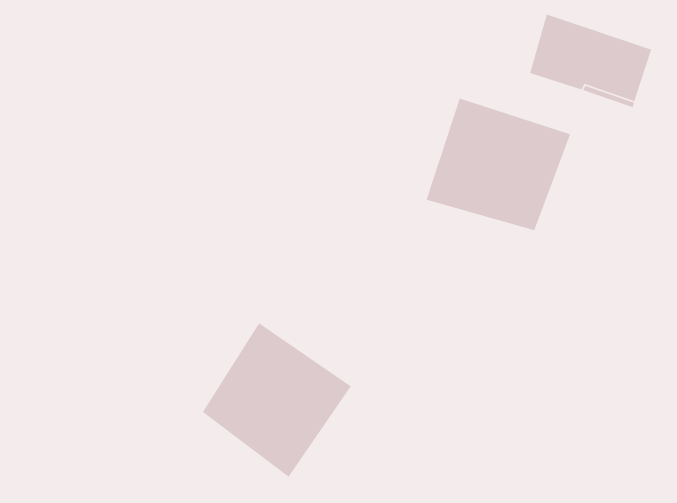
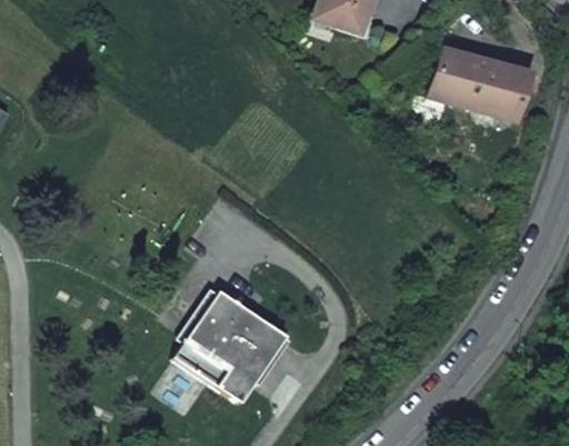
building: [425,98,571,231] -> none

